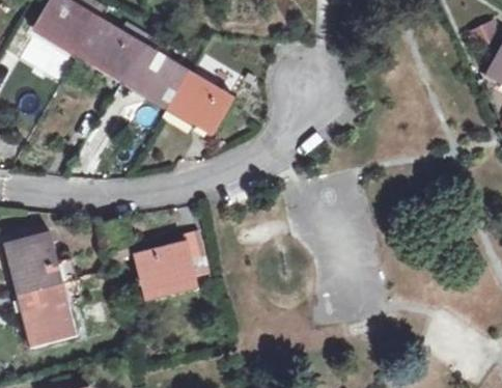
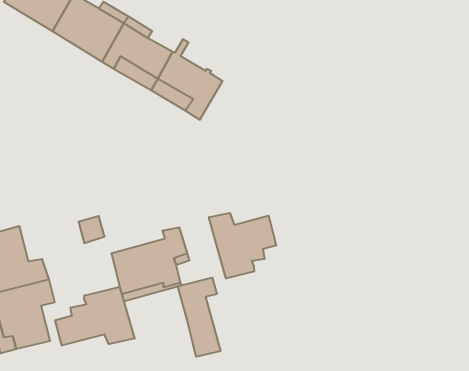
building: none -> [209,213,276,279]
building: none -> [178,278,220,357]
building: none -> [55,287,135,346]

